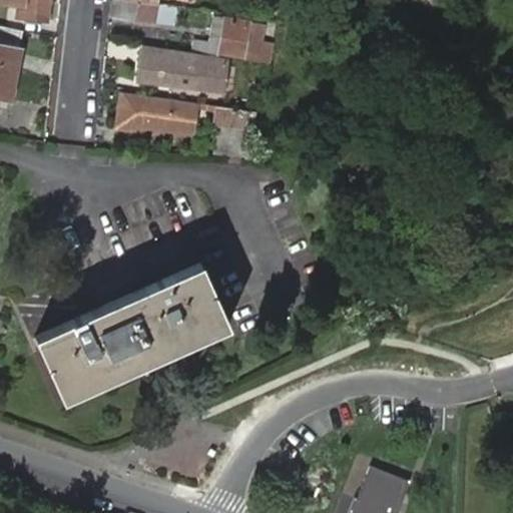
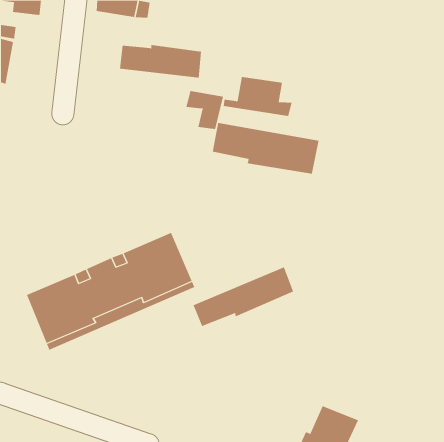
building: [195,17,276,63] -> [223,77,292,117]
building: [118,92,198,135] -> none
building: none -> [212,122,319,175]
building: none -> [193,267,294,327]

